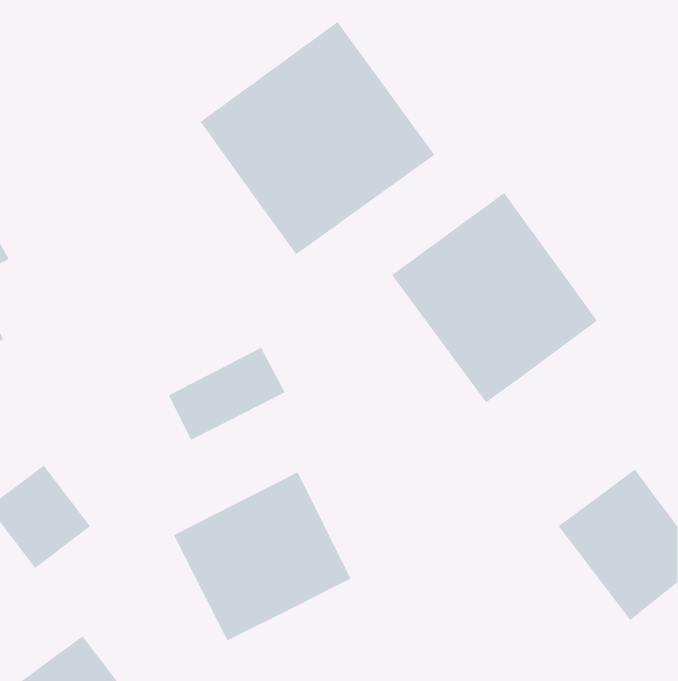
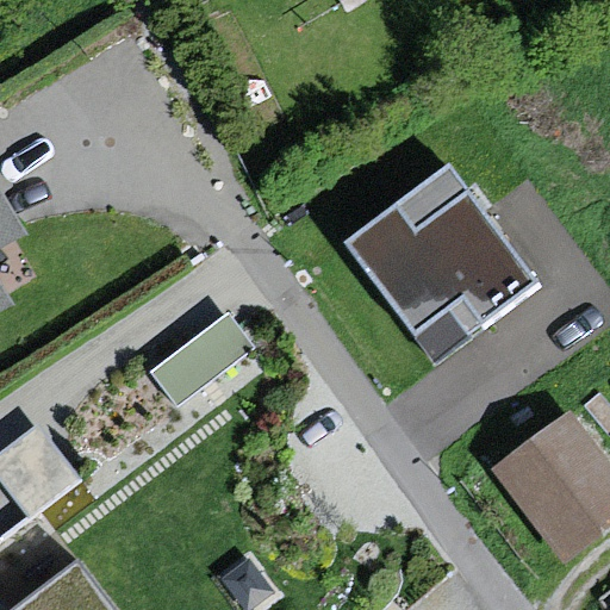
building: [200,21,435,255] -> none
building: [173,472,351,641] -> none

